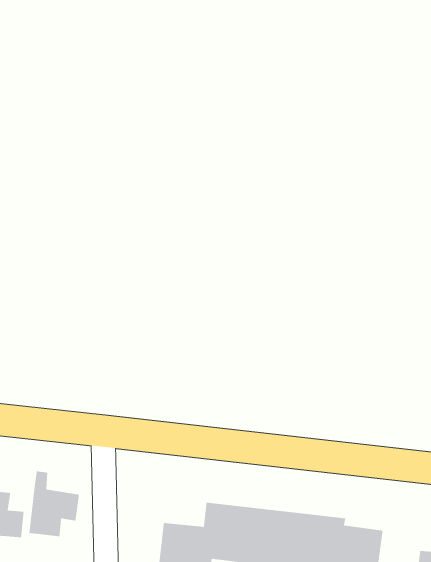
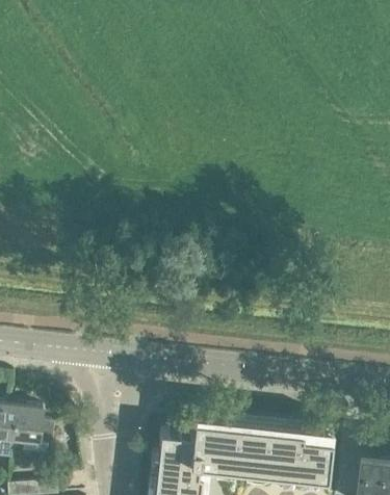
building: [28,471,80,537] -> none

